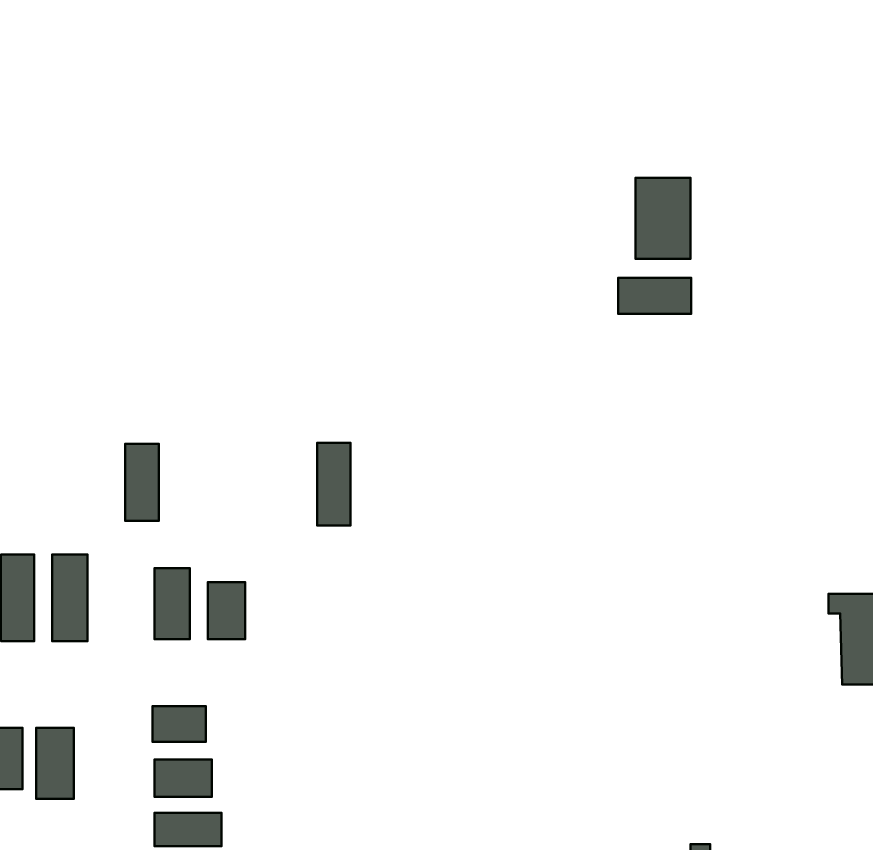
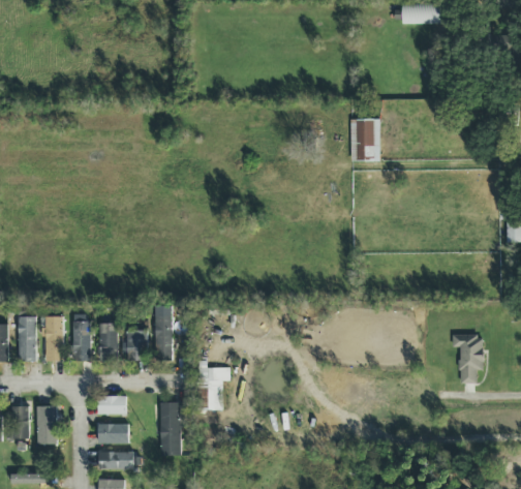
building: [618,278,691,314] -> none
building: [317,443,351,526] -> [154,315,172,359]
building: [125,444,159,521] -> [72,320,90,361]
building: none -> [197,367,229,409]
building: none -> [160,402,180,455]

